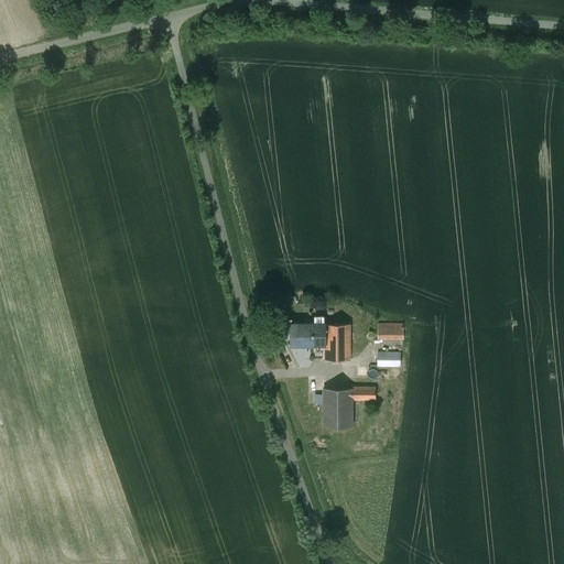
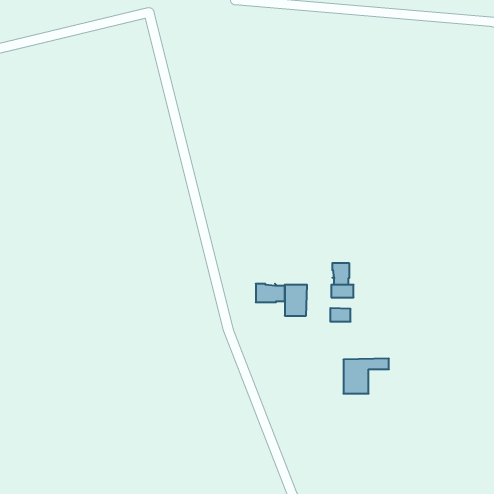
building: none -> [332,263,349,285]
building: [323,388,375,427] -> [343,359,389,394]

